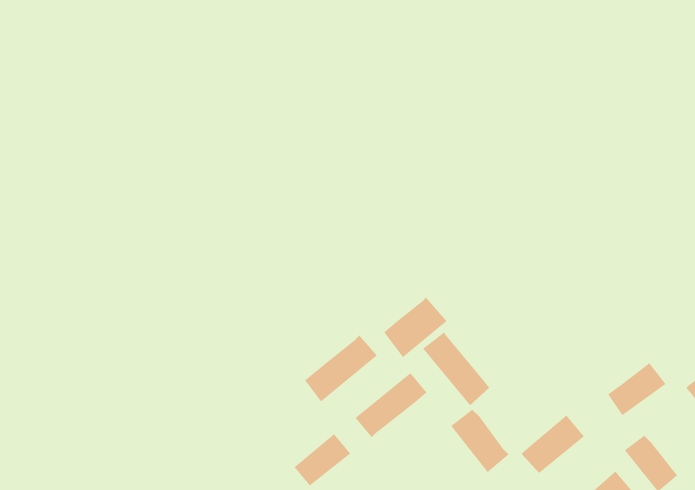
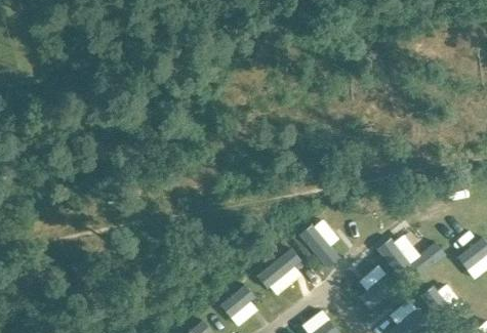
building: [383,296,448,358] -> none
building: [304,334,378,402] -> none
building: [450,409,510,473] -> [376,238,412,277]

